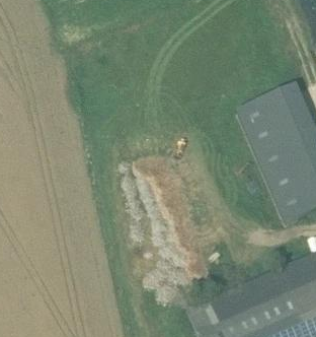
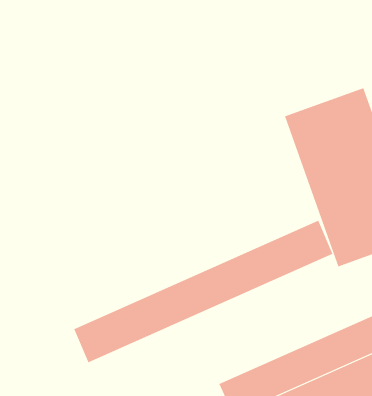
building: none -> [73,220,333,363]

